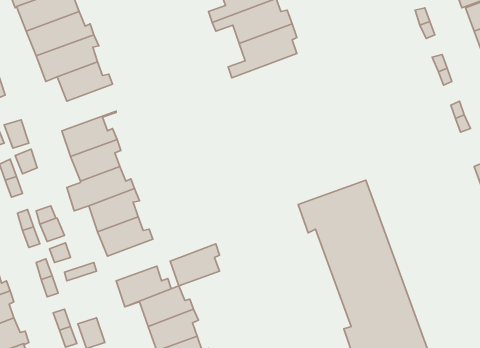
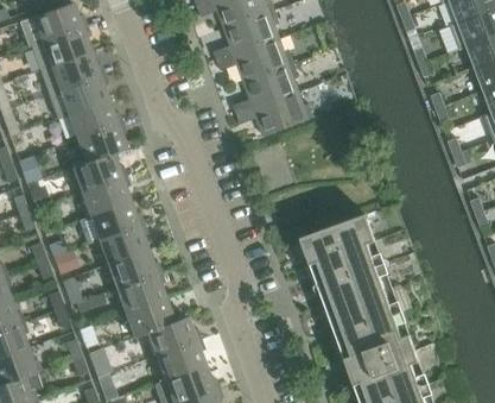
building: none -> [237,92,315,136]
building: none -> [74,121,126,166]
building: [170,244,219,286] -> [118,271,165,311]

